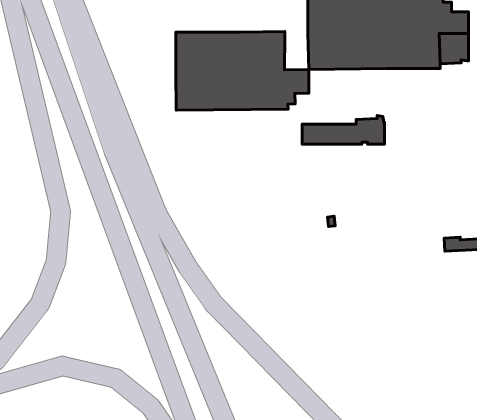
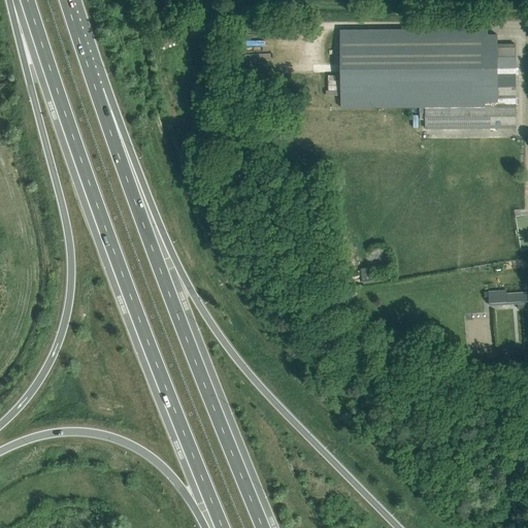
building: [176,31,309,110] -> none
building: [302,116,385,144] -> [425,97,515,128]

